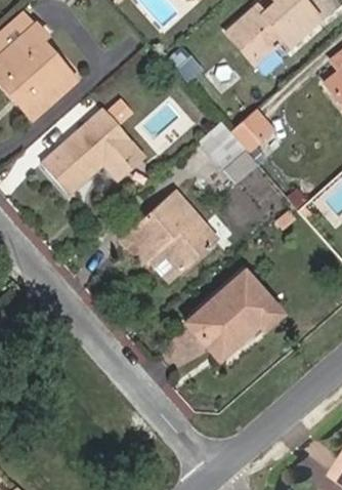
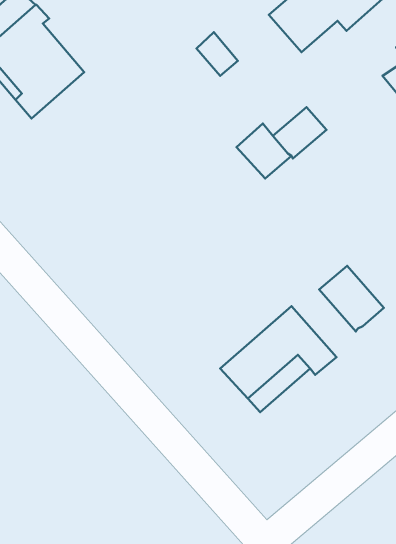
building: [44,110,143,192] -> none
building: [129,193,216,279] -> none
building: none -> [319,266,384,331]

